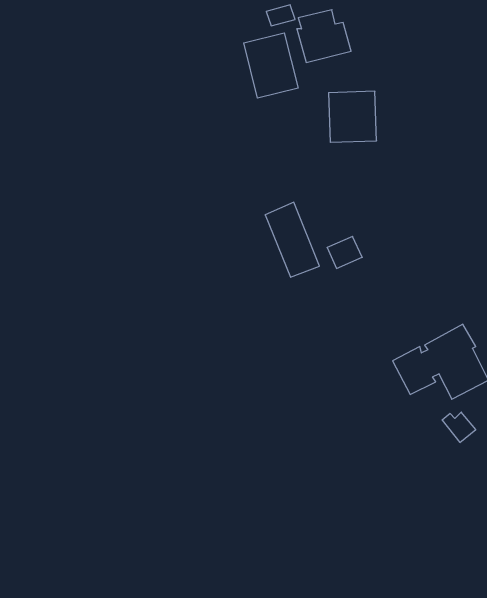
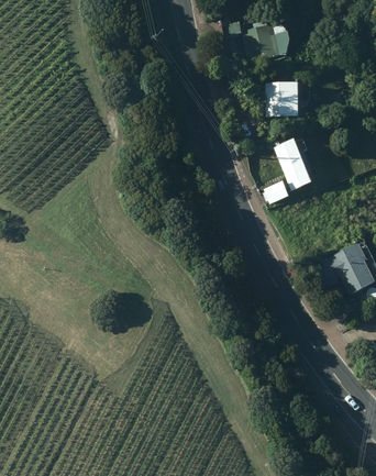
building: [244,33,298,98] -> none
building: [265,202,319,277] -> [275,136,312,188]

